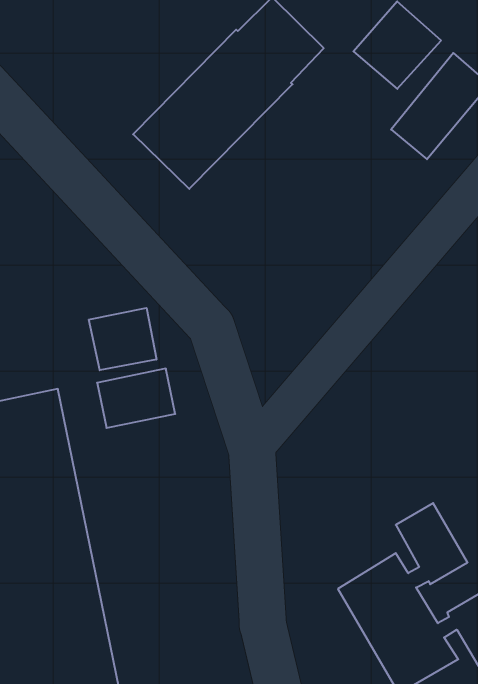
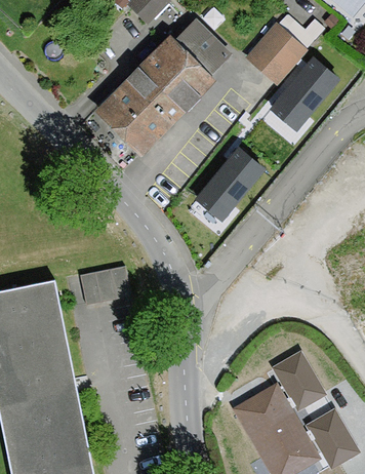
building: none -> [197,149,261,219]
building: [89,308,156,370] -> none

